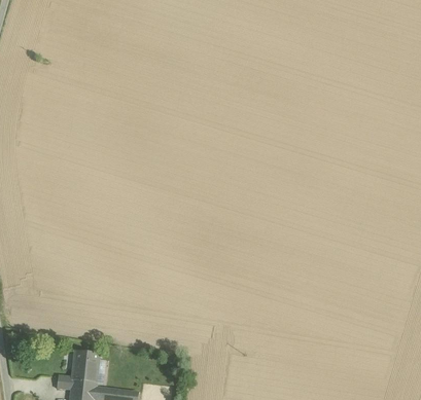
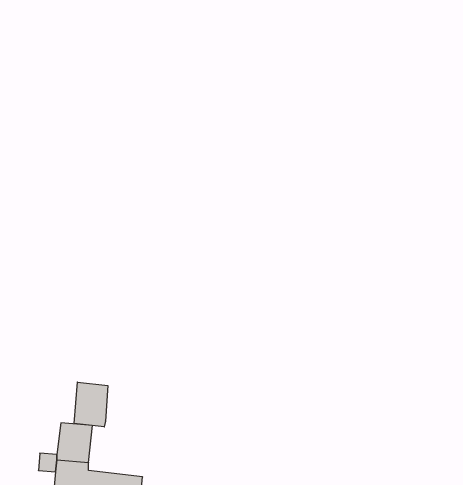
building: none -> [74,382,108,427]

